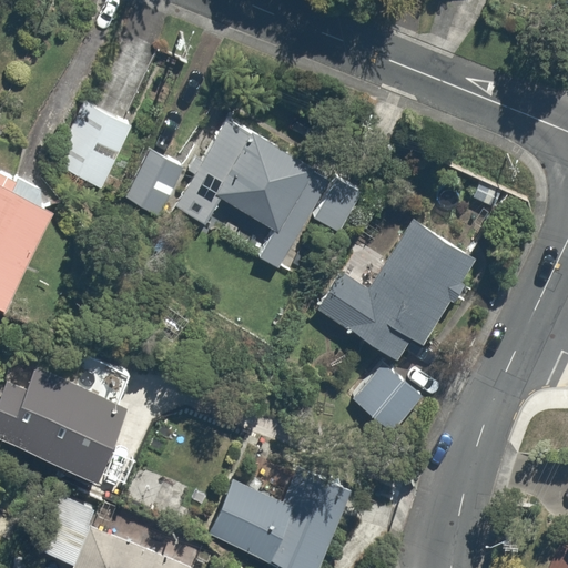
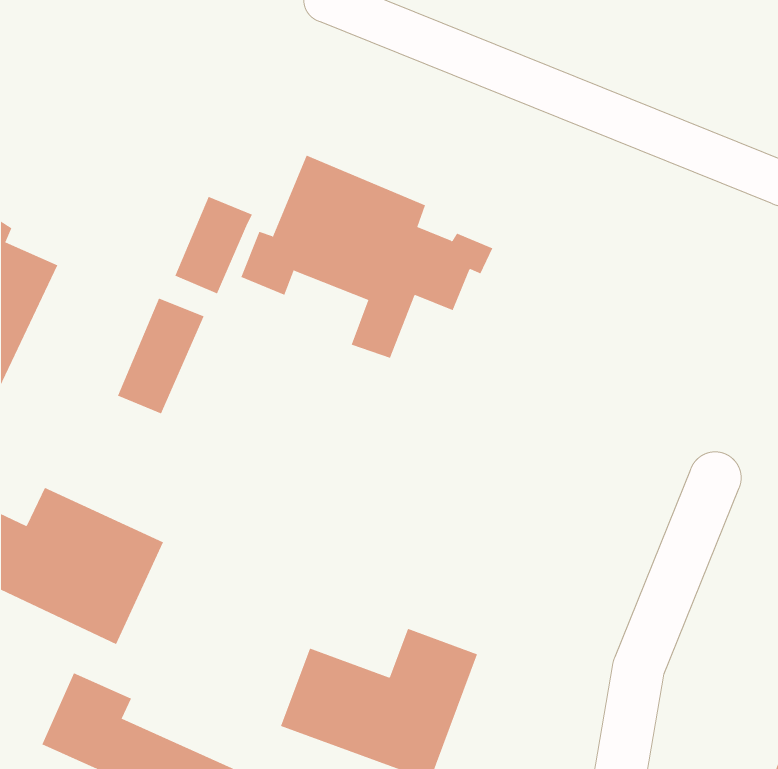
building: [70,114,133,199] -> [117,298,204,414]
building: [314,222,474,357] -> none
building: [352,365,417,432] -> none

